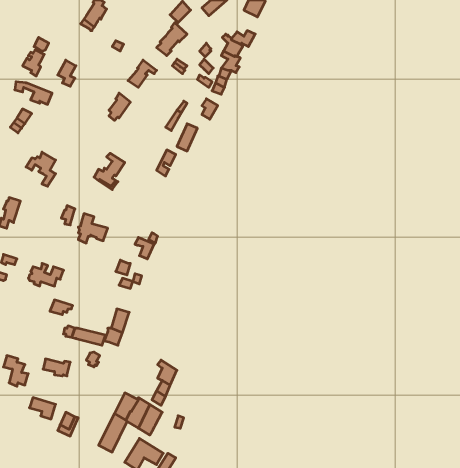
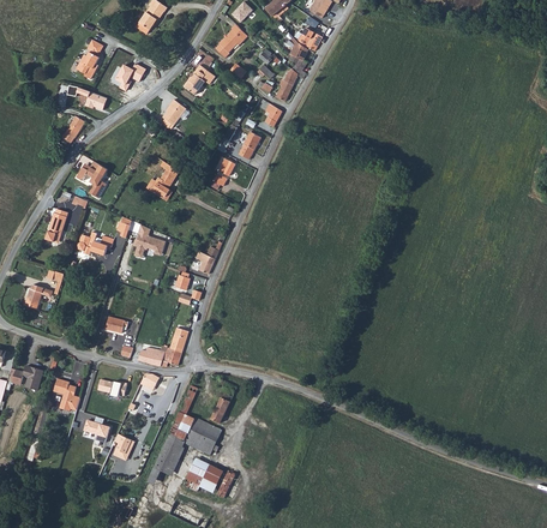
building: [28,263,64,286] -> [76,232,113,256]

